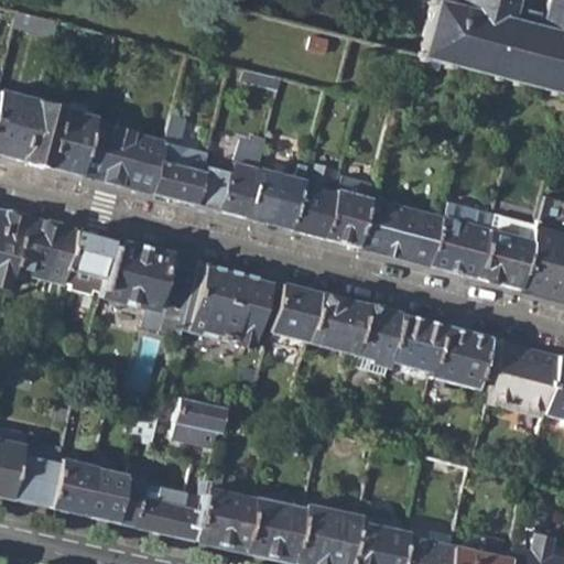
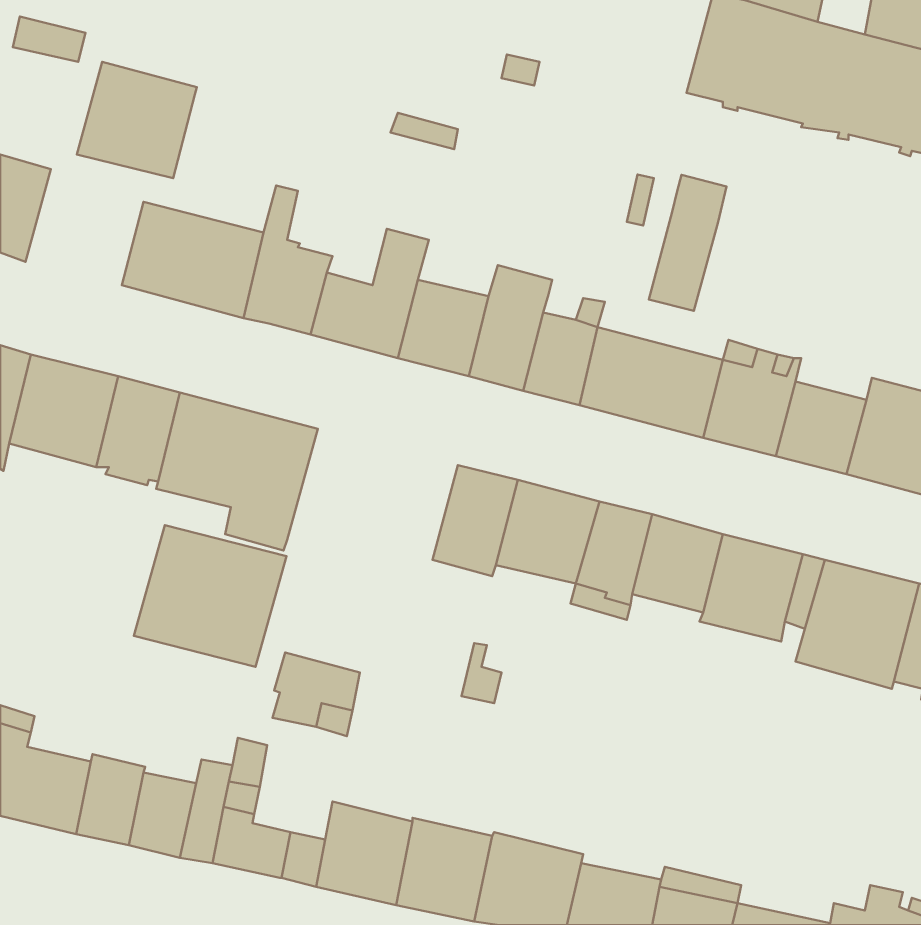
building: [20,102,93,173] -> [77,62,197,178]
building: none -> [649,175,726,311]
building: [178,260,271,346] -> [134,525,287,667]

